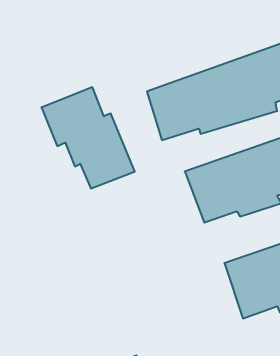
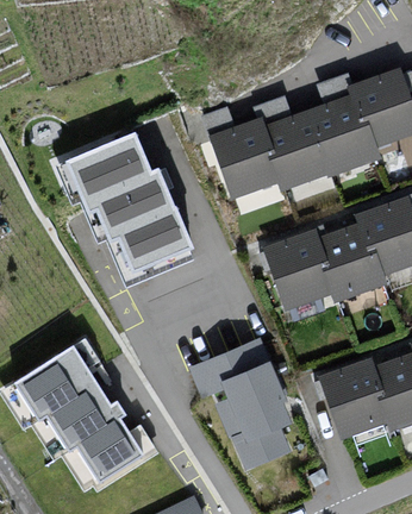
building: none -> [189,337,292,469]
building: none -> [14,344,143,481]

